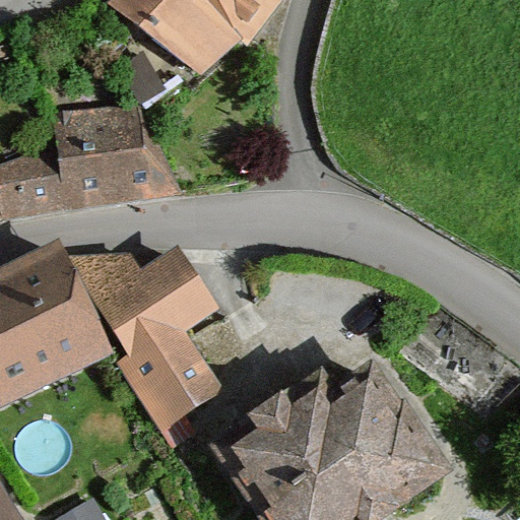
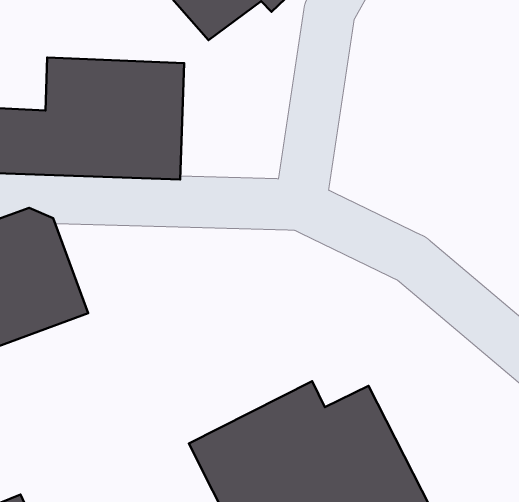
building: [74,246,211,409] -> none

